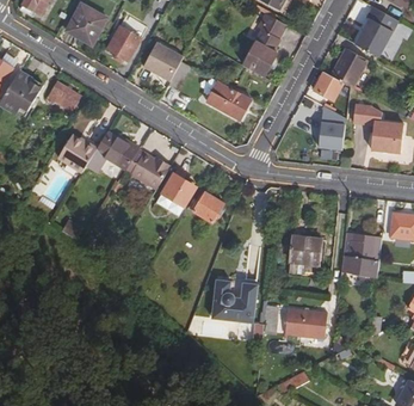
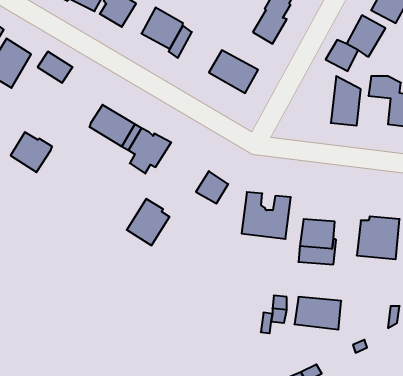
building: [58,135,97,172] -> [11,132,52,172]
building: [155,173,194,216] -> [127,199,170,245]
building: [211,279,257,322] -> [242,192,291,239]

